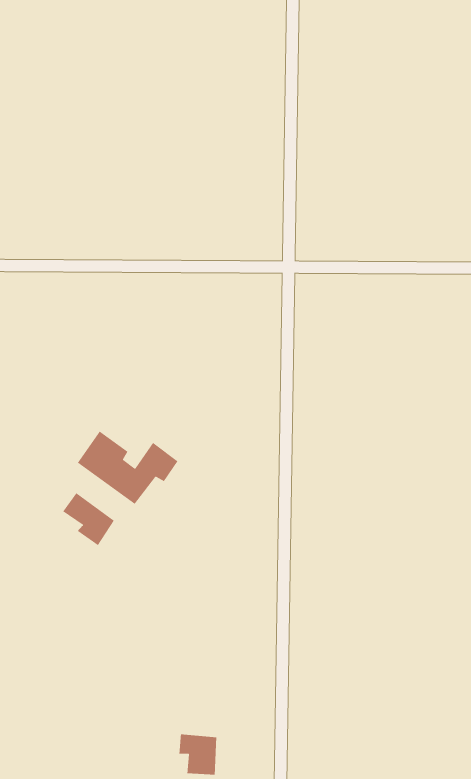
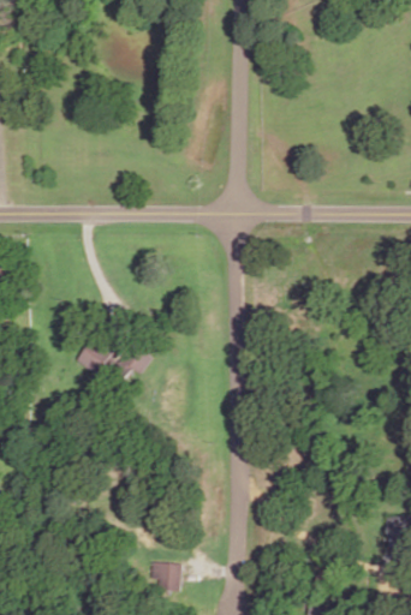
building: [62,492,115,546] -> none

